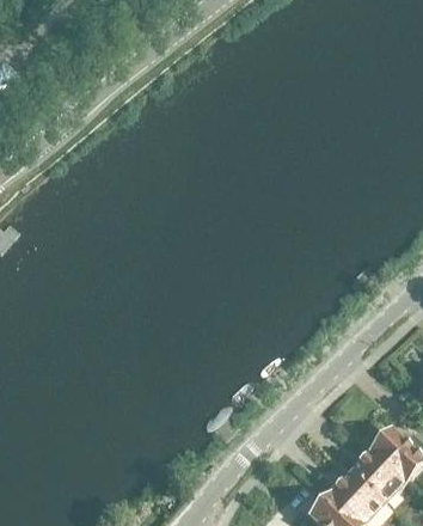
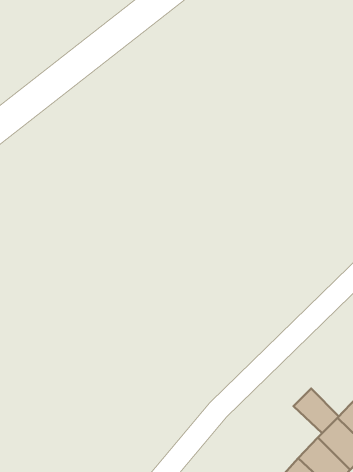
building: none -> [293,388,339,433]

